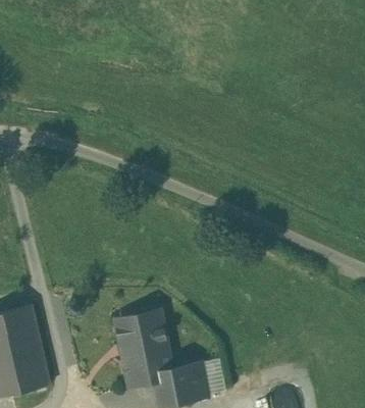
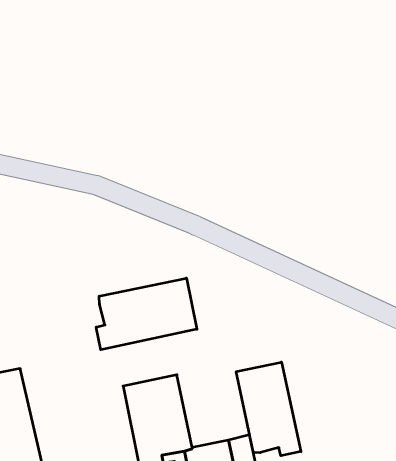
building: none -> [96,278,197,350]
building: none -> [236,362,301,456]

